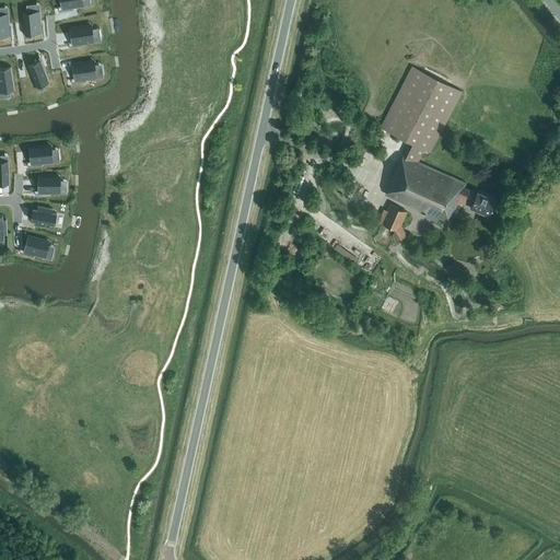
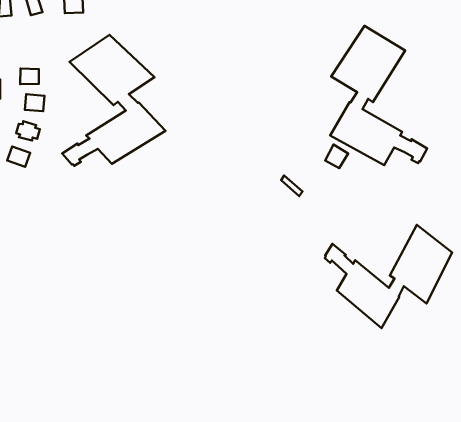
building: none -> [62,35,165,166]
building: none -> [325,225,452,328]

